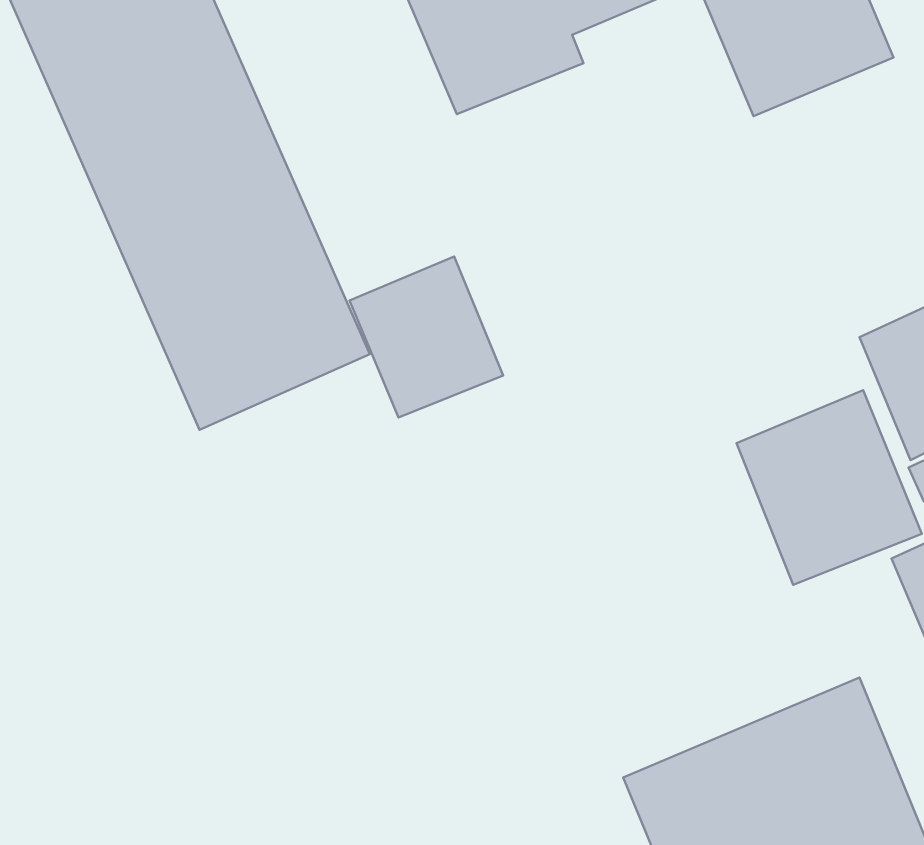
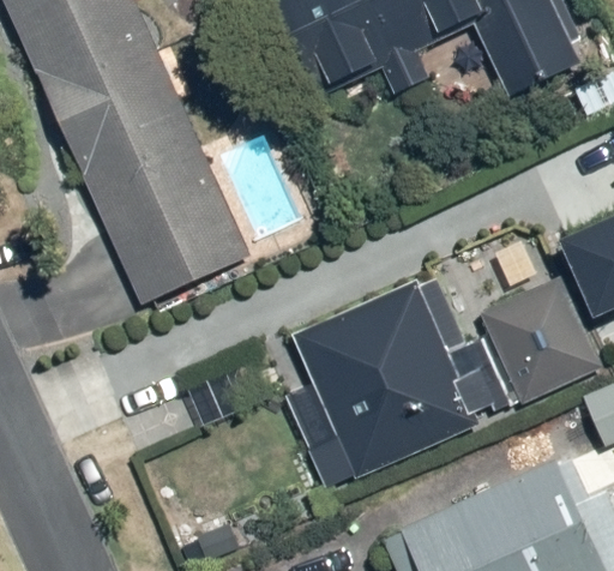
building: [349,256,503,417] -> none
building: none -> [297,283,475,474]

